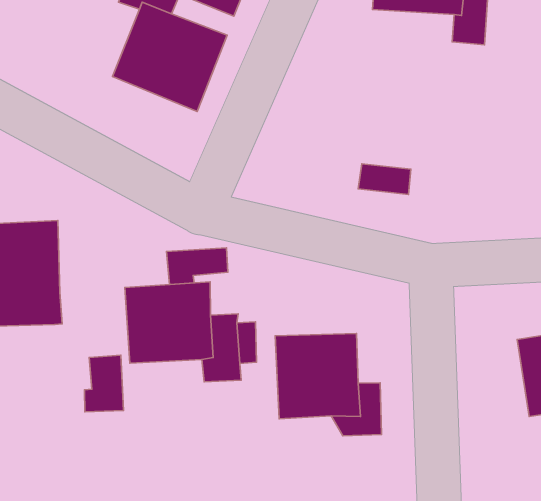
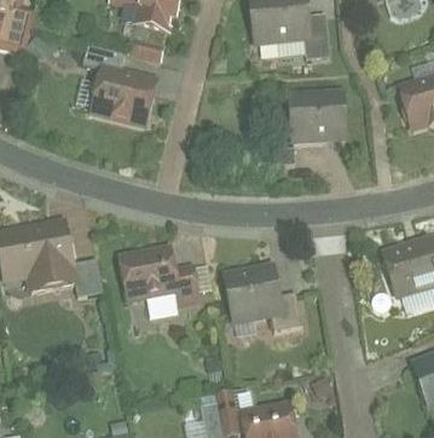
building: none -> [287,88,347,145]
building: [167,248,228,285] -> none
building: [84,355,124,412] -> [74,259,102,300]

